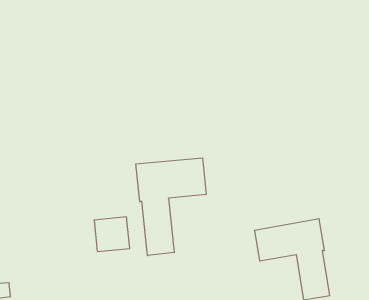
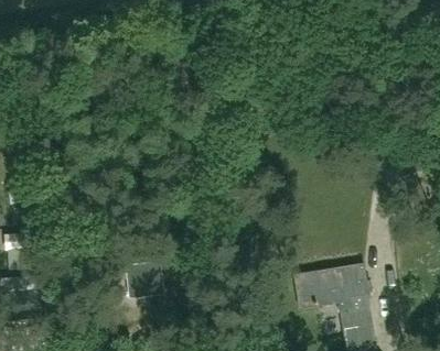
building: [136,158,206,256] -> none

